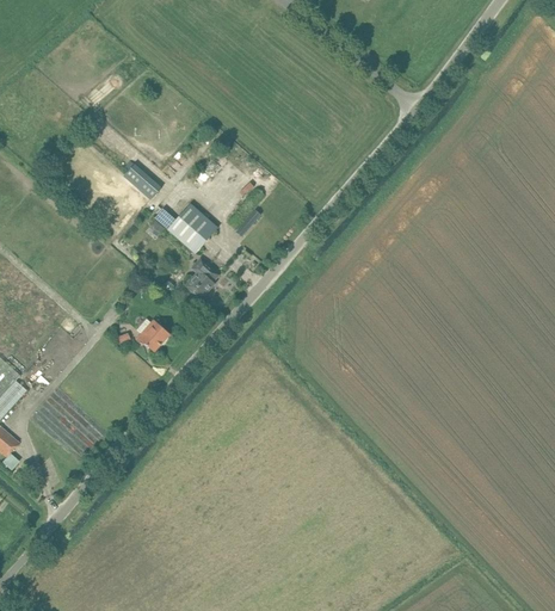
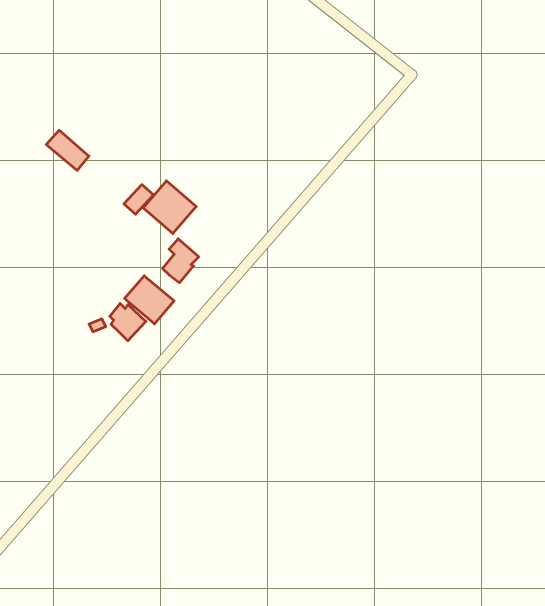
building: [121,162,160,199] -> [46,130,89,170]
building: none -> [125,276,174,324]

